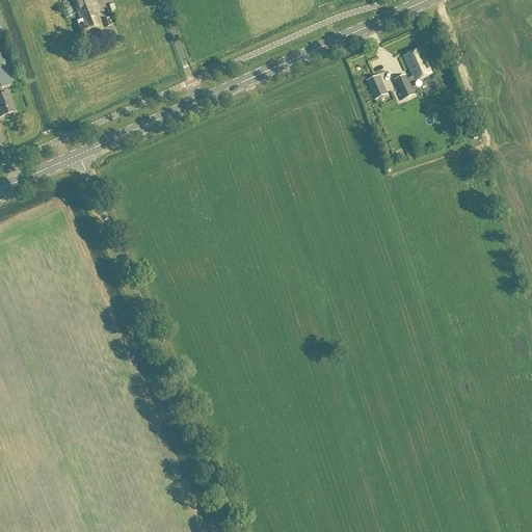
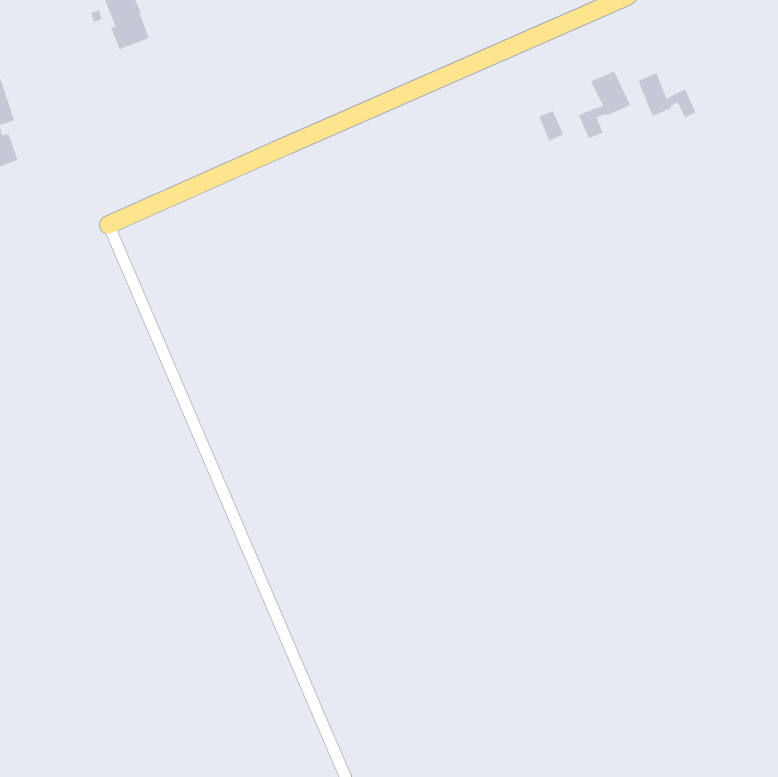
building: none -> [637,72,696,118]

